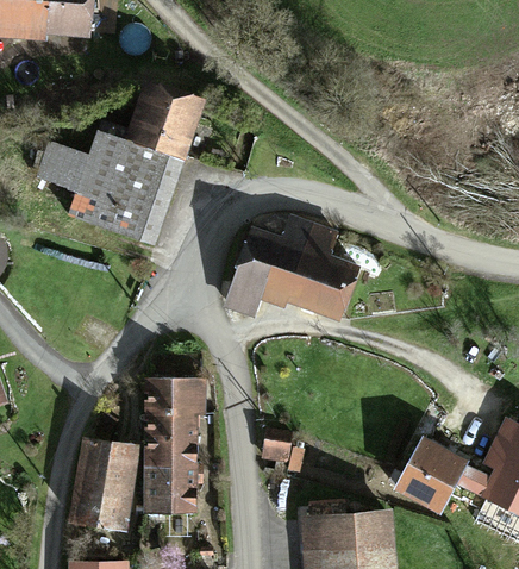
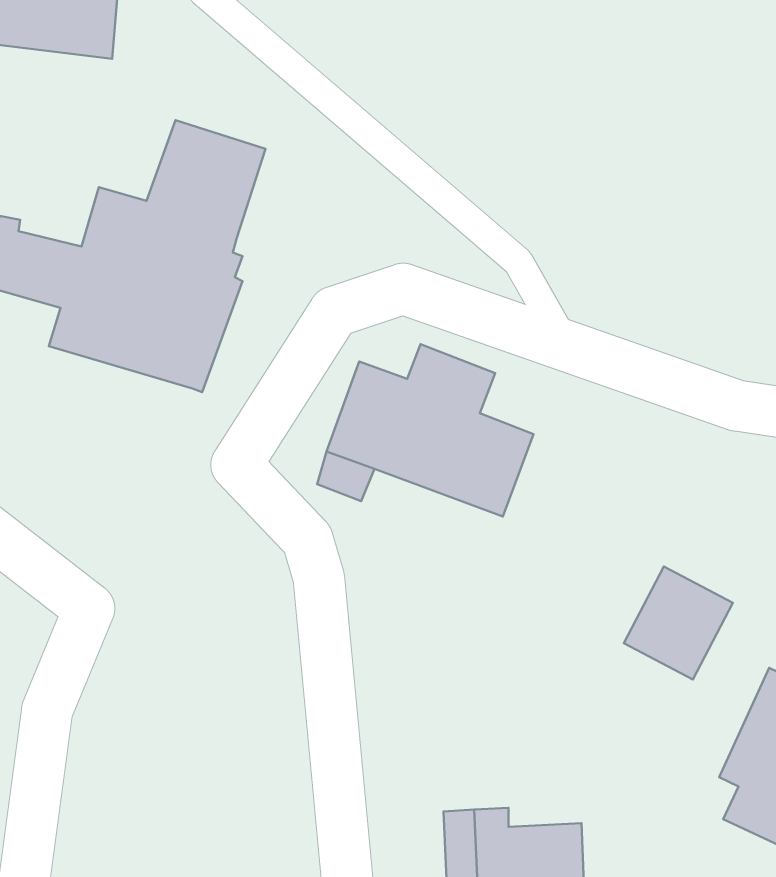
building: [145,379,199,514] -> none
building: [70,438,135,531] -> none
building: [400,442,468,512] -> [624,567,733,680]

